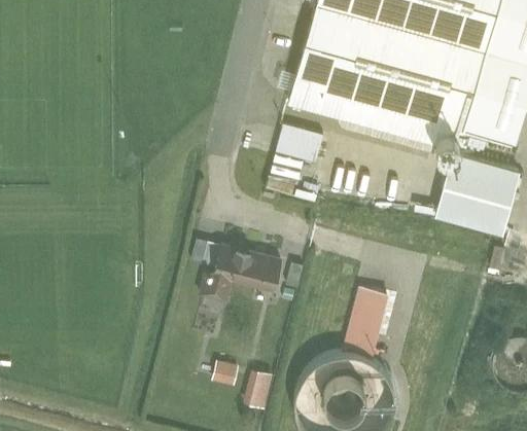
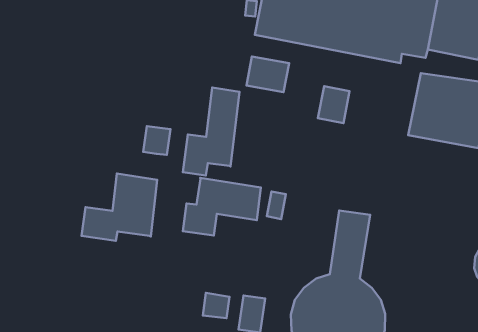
building: none -> [183,87,240,176]
building: none -> [318,86,350,123]
building: none -> [81,174,157,241]
building: [190,240,220,271] -> [143,126,170,155]

